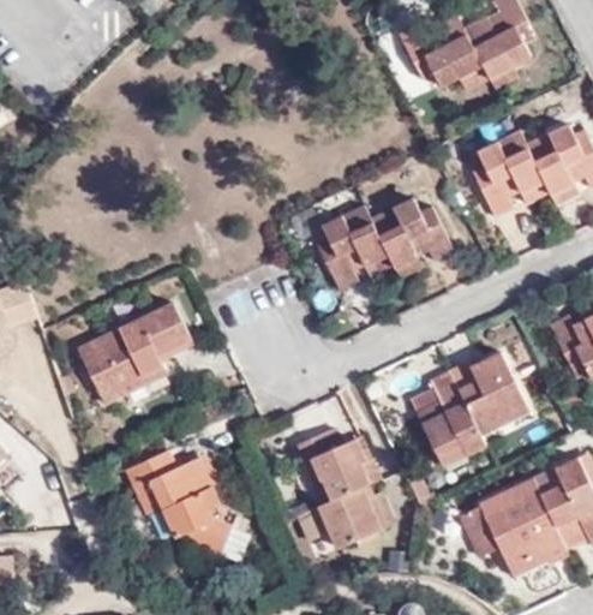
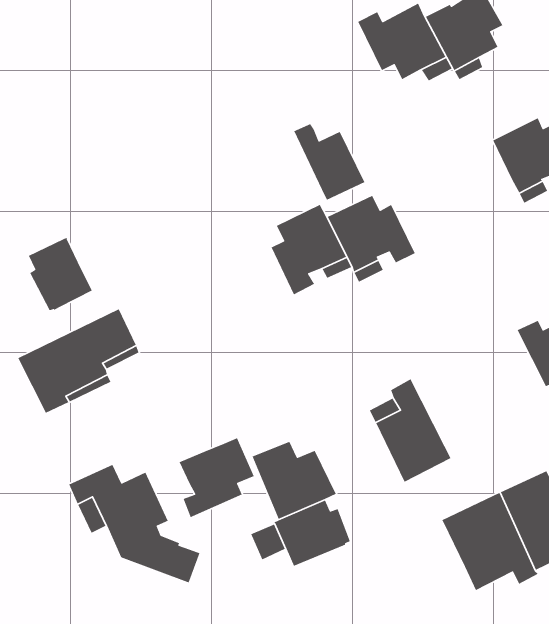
building: none -> [293,123,366,201]
building: [473,132,544,217] -> none
building: none -> [28,237,93,311]
building: [449,351,531,434] -> none
building: none -> [178,437,255,518]
building: [457,506,499,557] -> none

